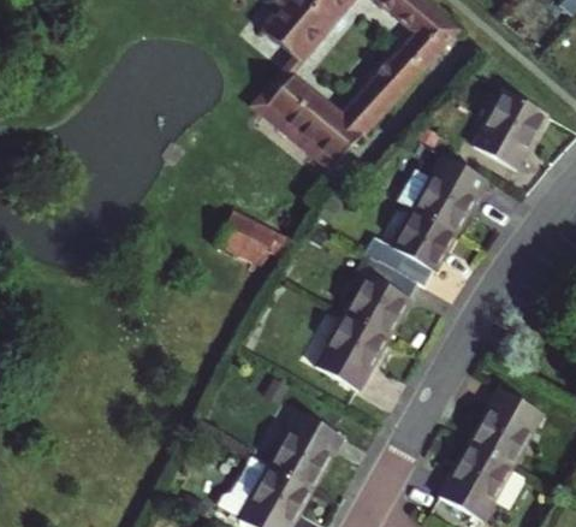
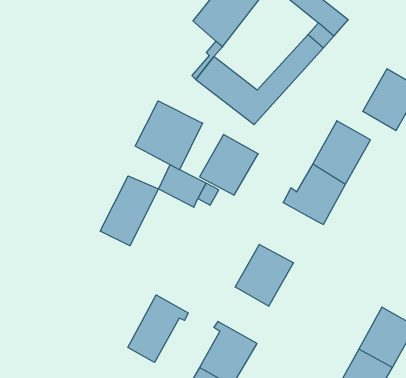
building: none -> [135,101,203,170]
building: none -> [100,176,158,246]
building: [345,259,418,334] -> [200,135,258,195]
building: none -> [128,295,188,362]

